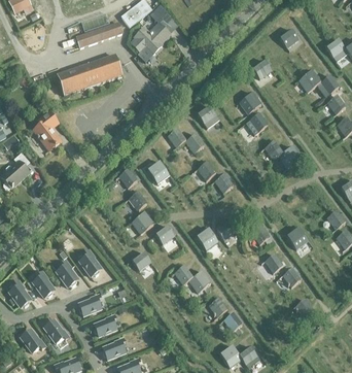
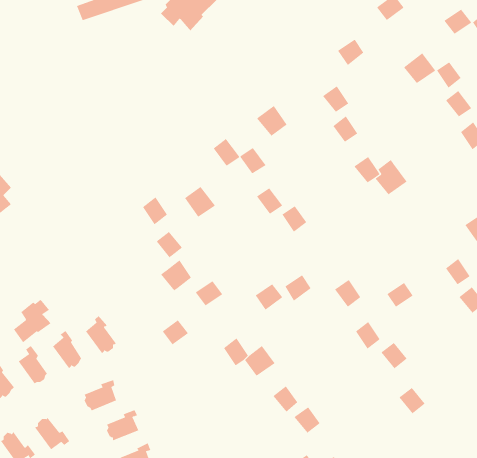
building: [57,55,120,94] -> none
building: [33,112,61,149] -> none
building: none -> [13,299,51,343]

